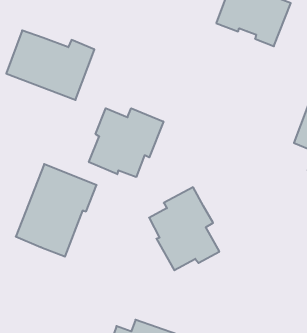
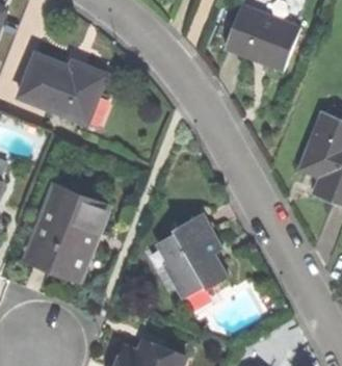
building: [89,108,163,177] -> none

